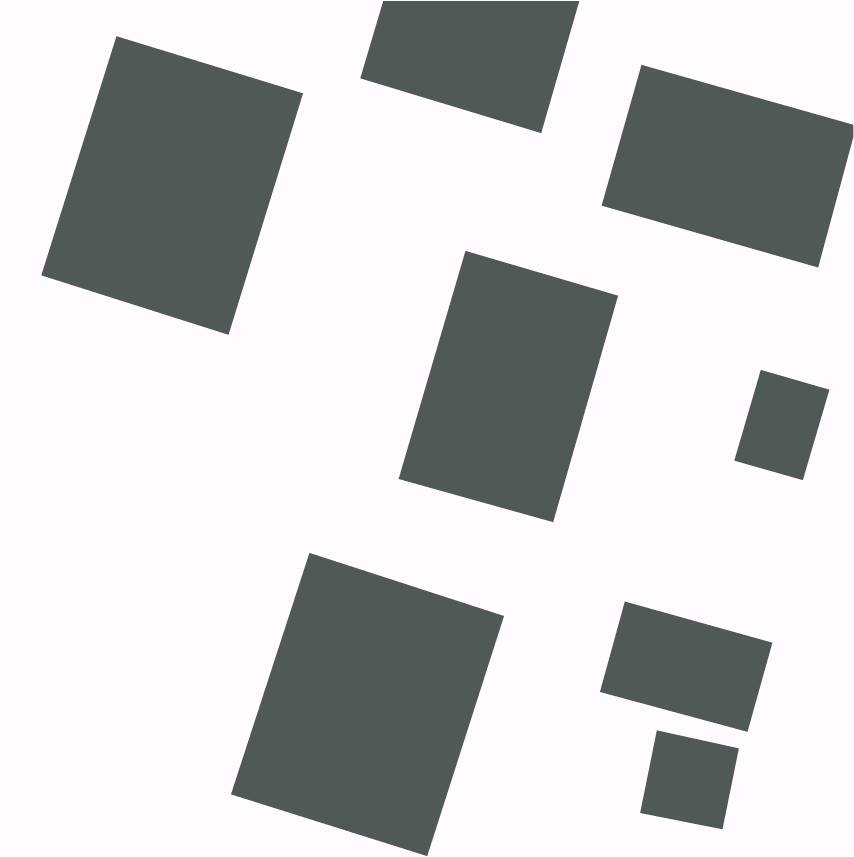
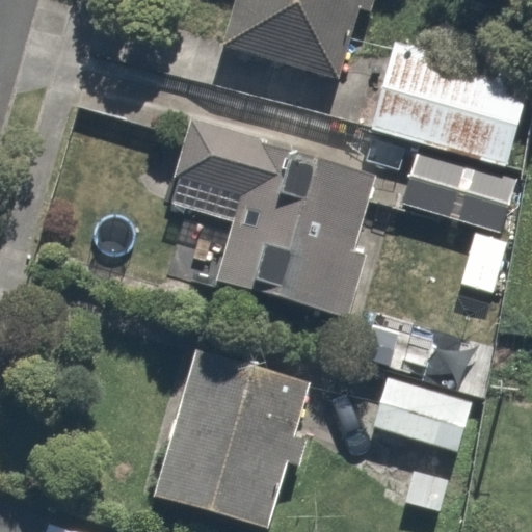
building: [40,35,304,336] -> none
building: none -> [165,114,272,233]
building: none -> [396,149,514,232]

